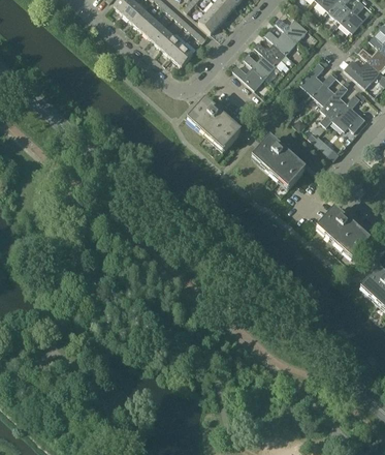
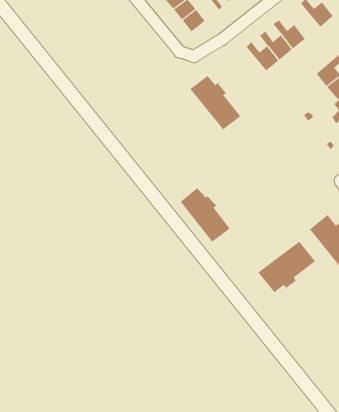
building: [264,30,297,55] -> none
building: [254,140,303,187] -> [180,188,230,243]
building: none -> [258,241,316,293]

